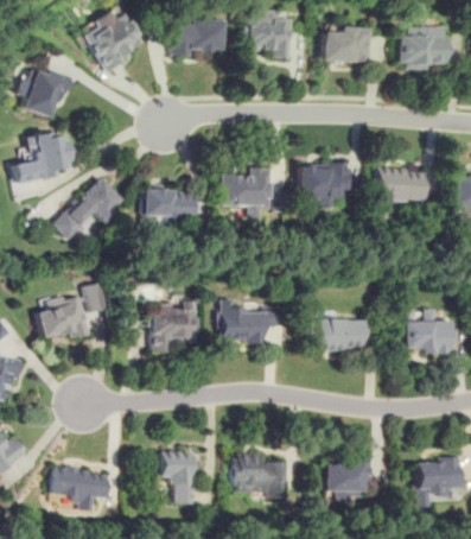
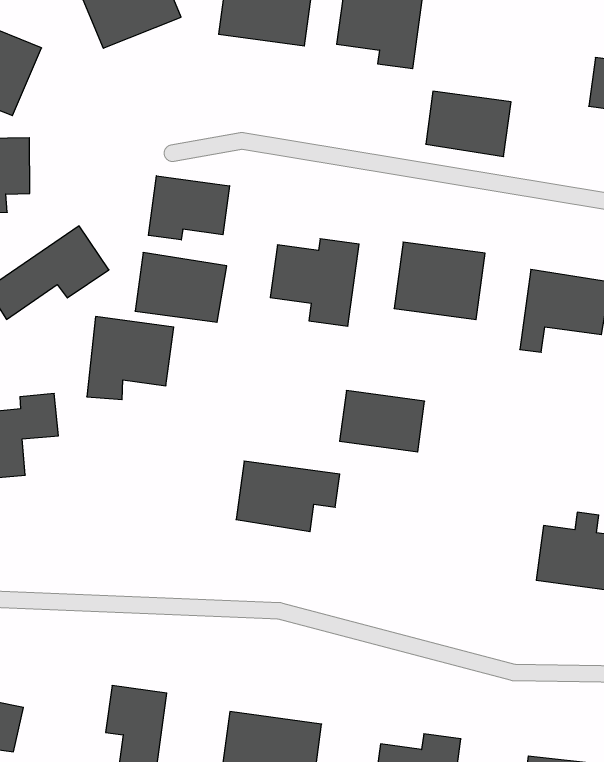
building: [323,28,370,62] -> [426,91,511,157]
building: none -> [148,176,230,240]
building: [152,305,199,354] -> [87,317,174,400]
building: [318,319,365,350] -> [340,391,425,452]

